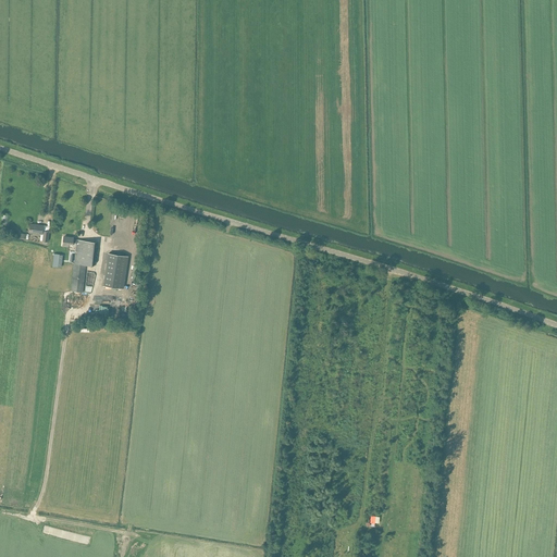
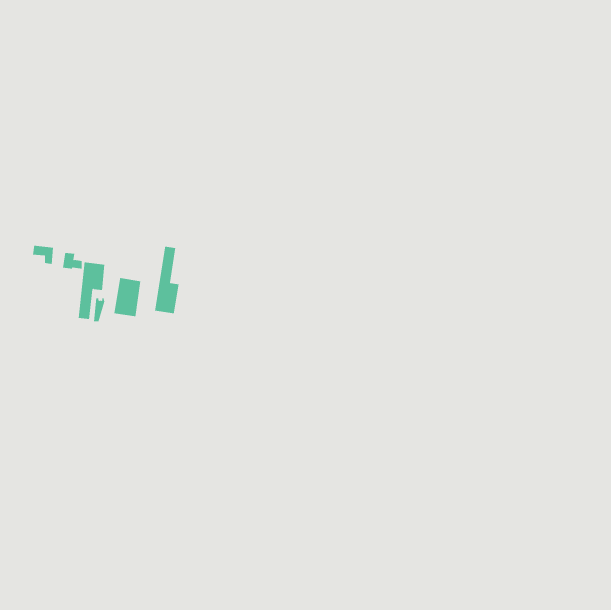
building: none -> [155,246,179,314]

